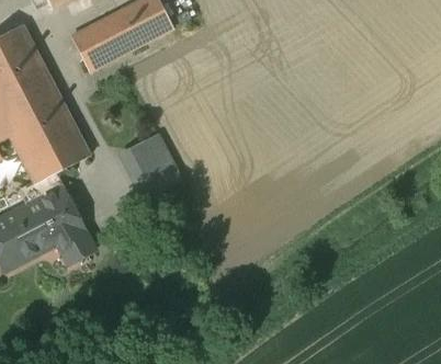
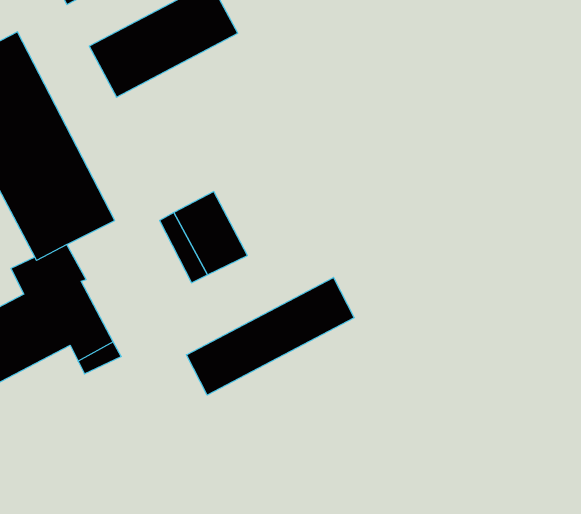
building: none -> [186,277,354,395]

